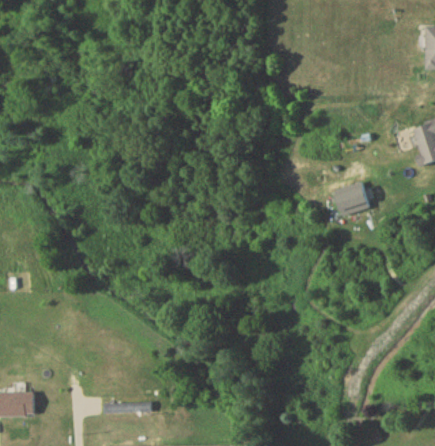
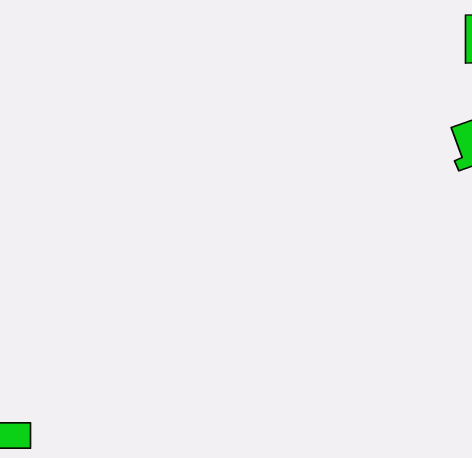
building: [335,180,371,215] -> none

